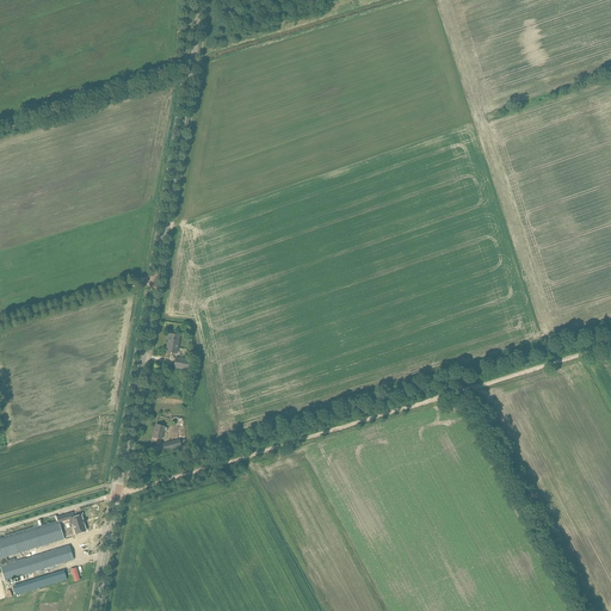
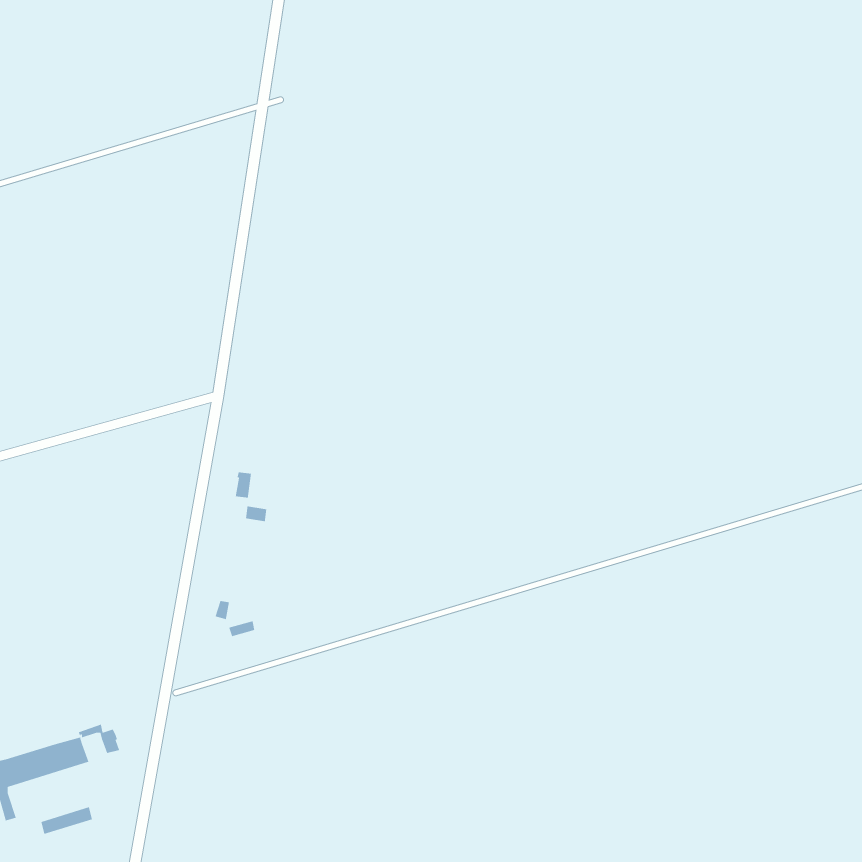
building: [6,547,66,578] -> none

